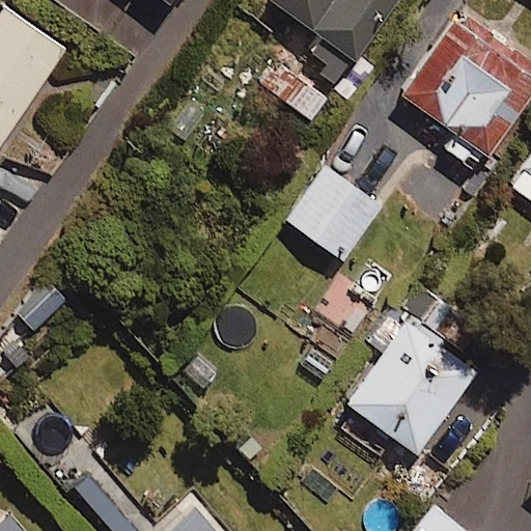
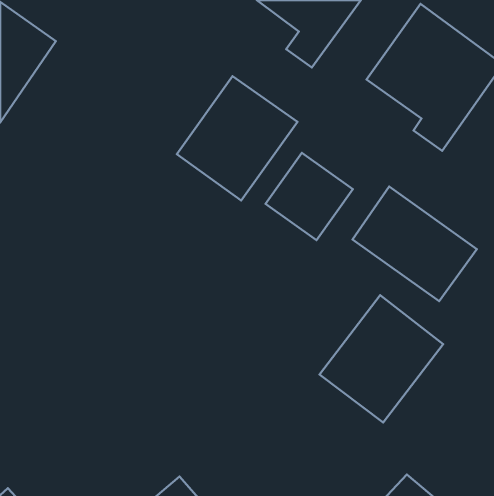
building: none -> [177,76,297,201]
building: none -> [353,187,477,301]

